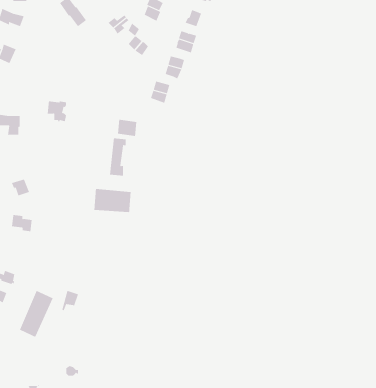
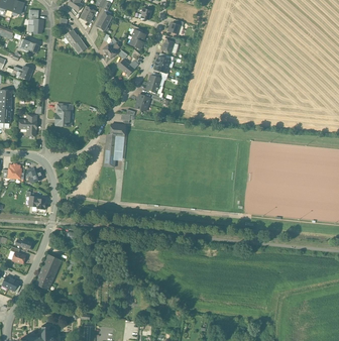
building: [94,188,131,214] -> none

